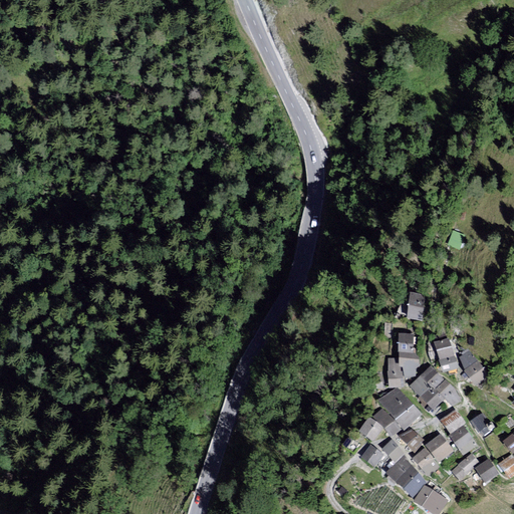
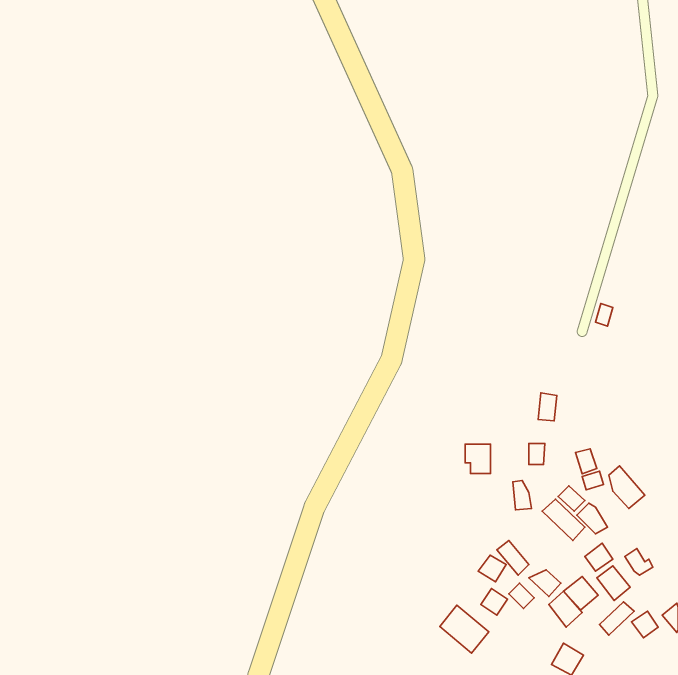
building: [398,351,417,373] -> [465,444,490,473]
building: [380,388,419,426] -> none
building: [390,457,427,493] -> [440,605,489,653]

